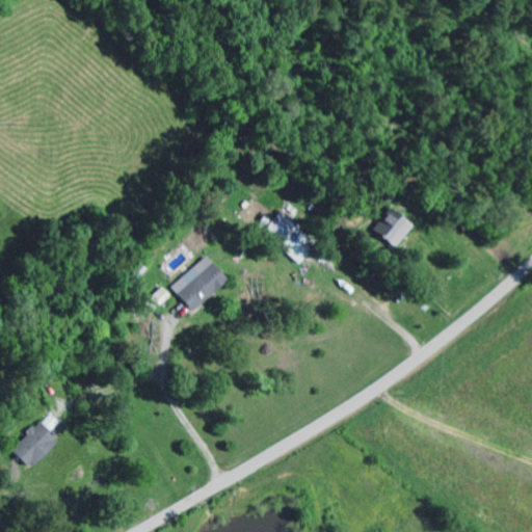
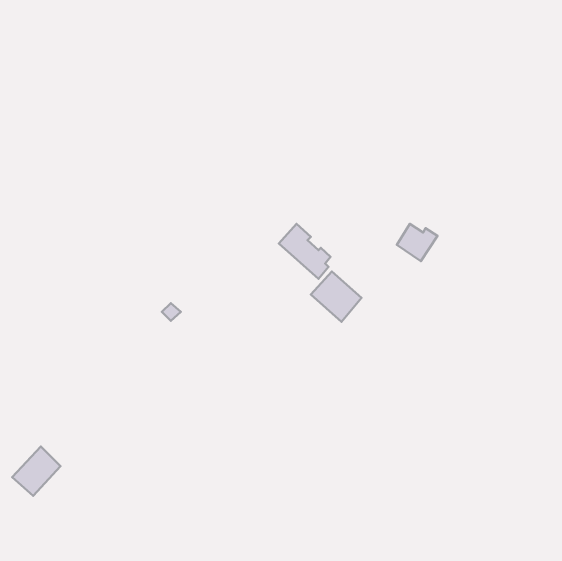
building: none -> [311,272,362,322]
building: [170,261,230,312] -> none

